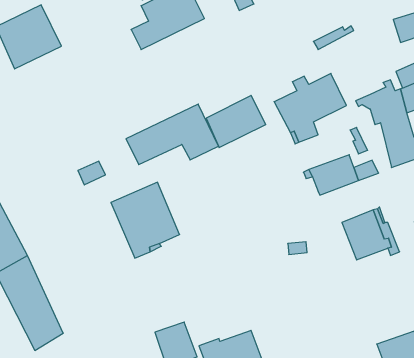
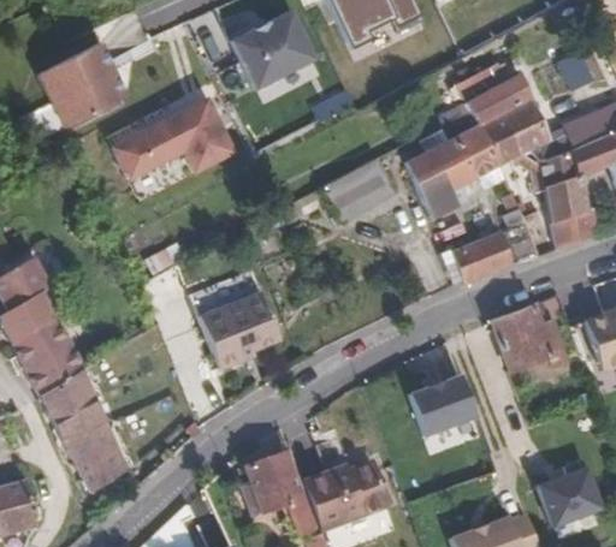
building: none -> [467,77,551,170]
building: [126,104,218,165] -> [109,95,231,174]
building: none -> [409,373,475,432]

